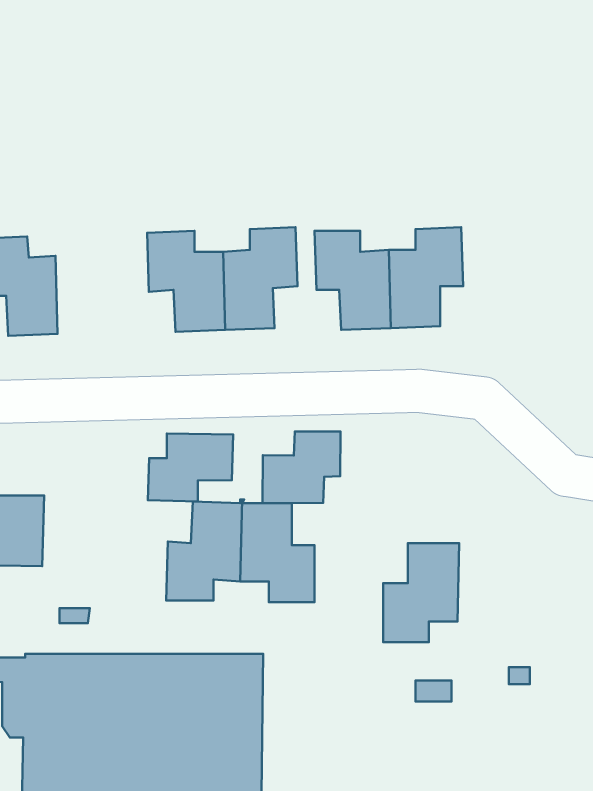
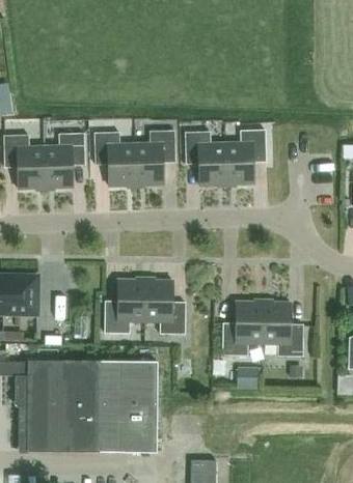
building: none -> [44,132,84,187]
building: [262,431,341,503] -> none
building: [148,434,233,501] -> none
building: none -> [263,301,303,356]

